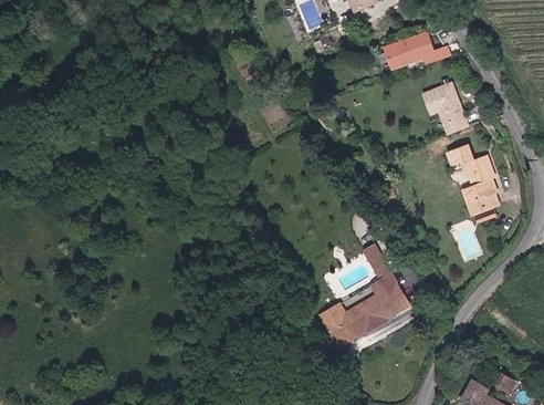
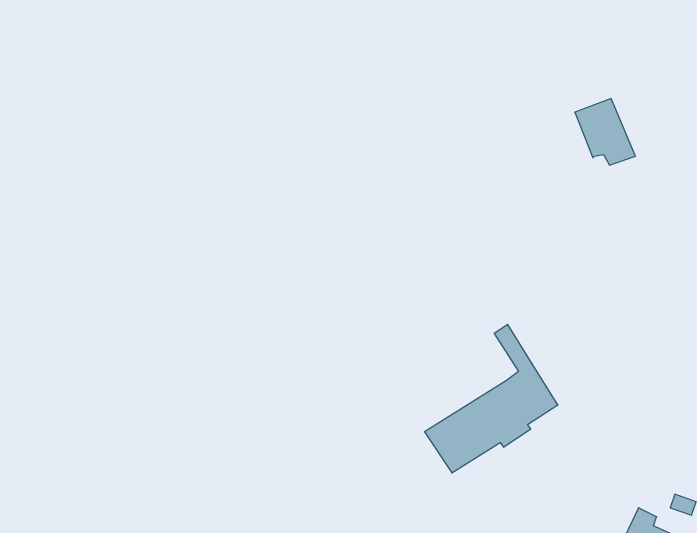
building: [386,40,448,65] -> none
building: [447,146,498,216] -> none

